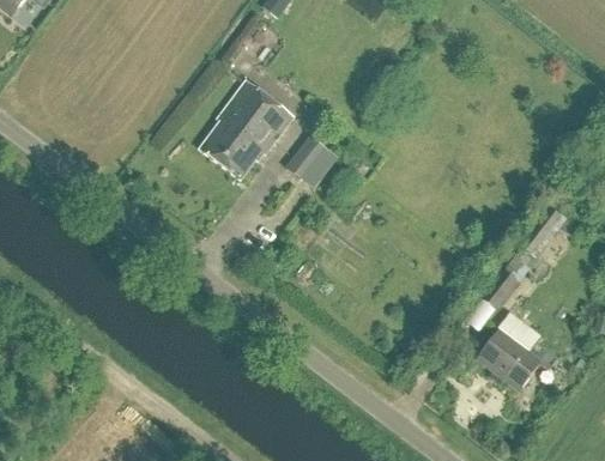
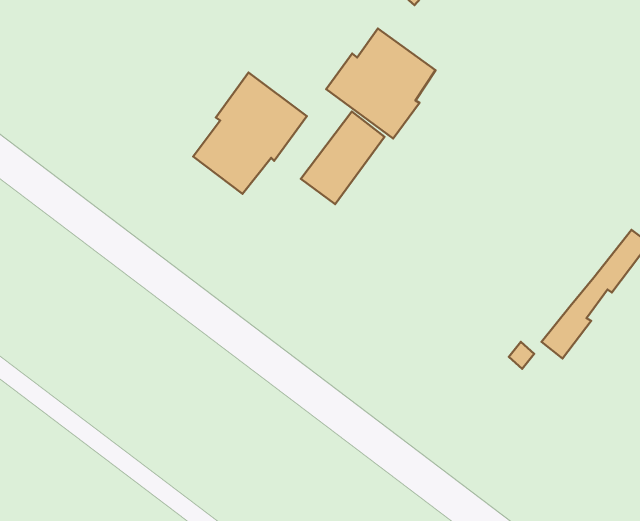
building: none -> [326,28,436,139]
building: [477,329,539,389] -> none

